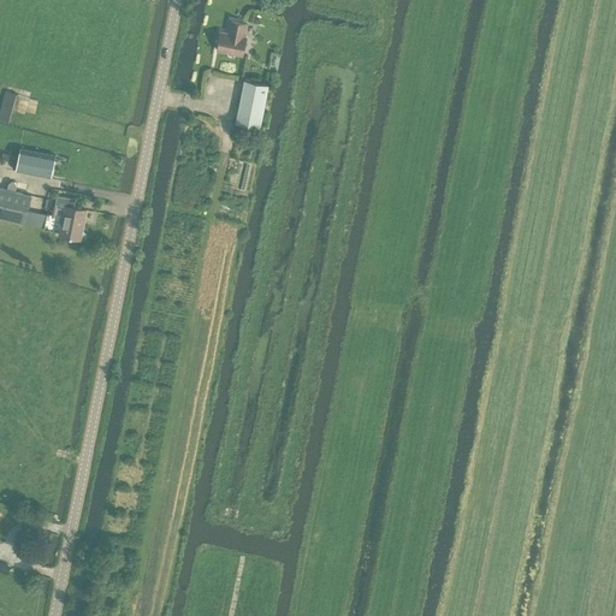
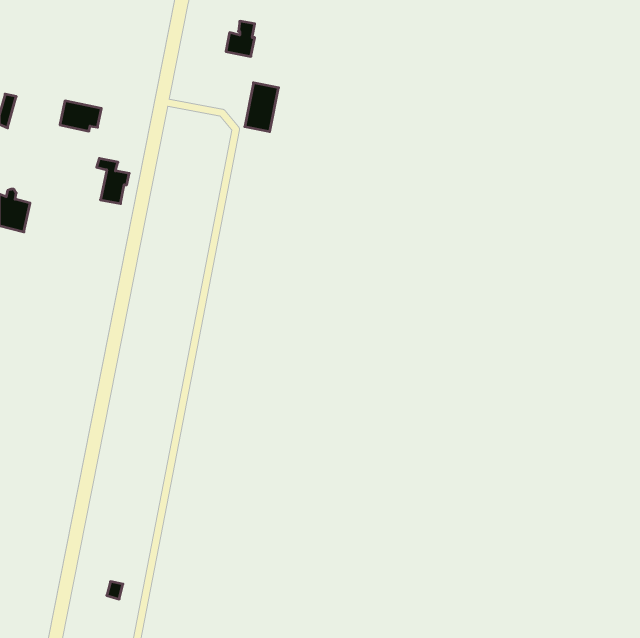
building: [14,149,54,178] -> [60,101,101,131]
building: [54,197,85,241] -> [97,158,129,204]

